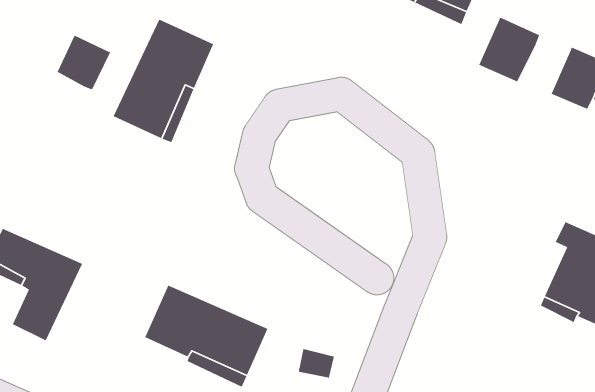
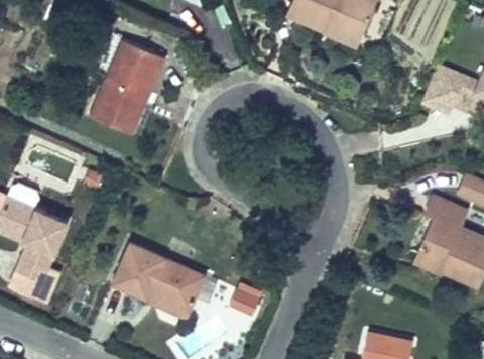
building: [478,16,540,83] -> none
building: [57,35,111,91] -> none

